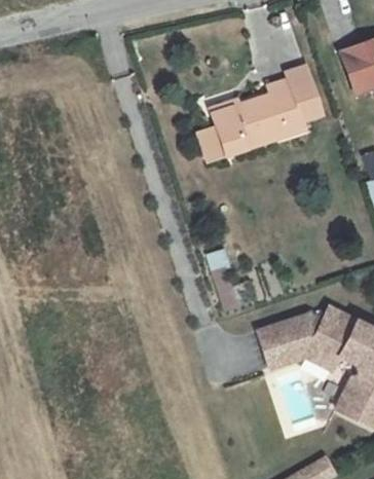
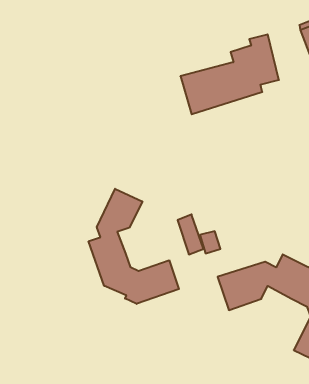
building: none -> [89,189,179,304]

